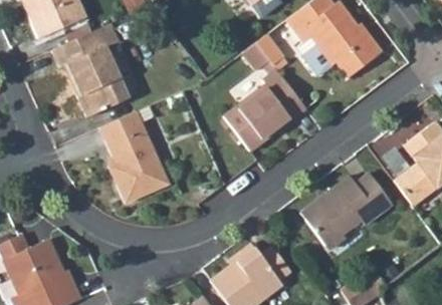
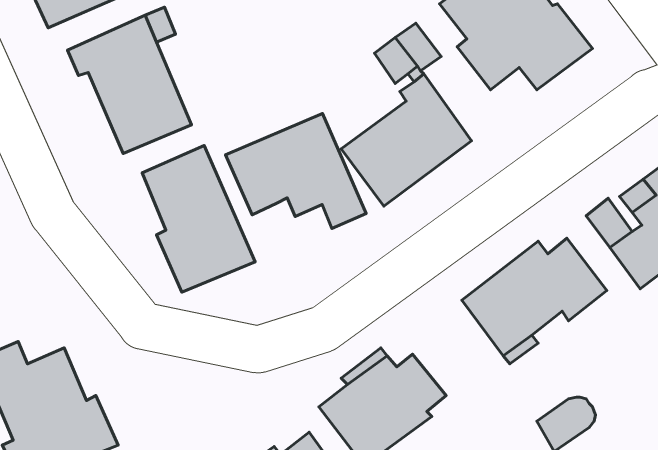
building: none -> [225,113,366,229]

